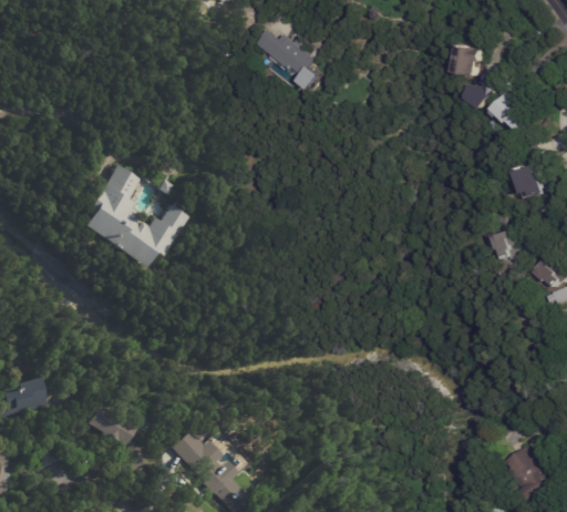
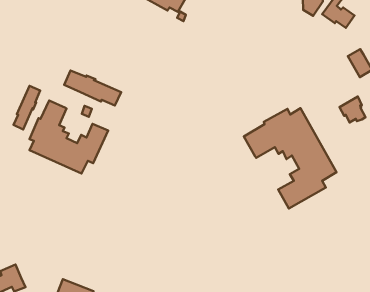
building: none -> [64,70,121,106]
building: none -> [13,86,40,129]
building: none -> [244,108,337,208]

